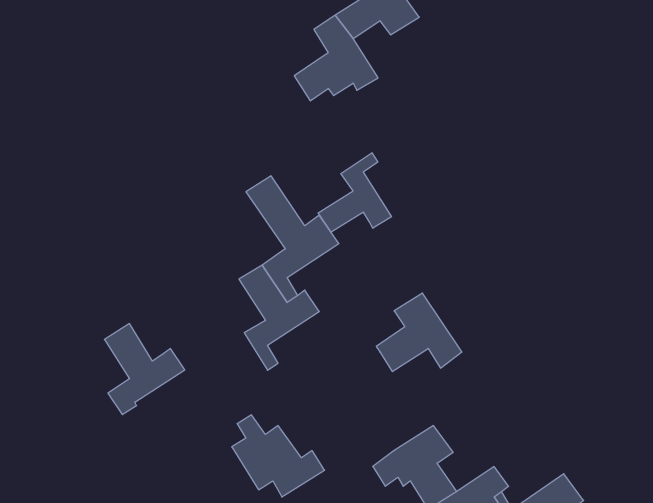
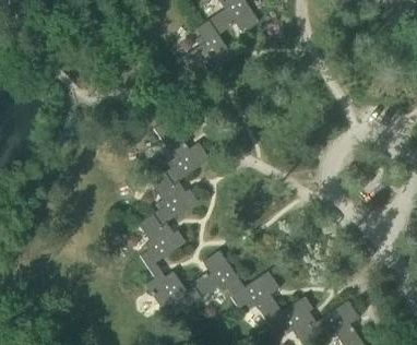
building: [318,153,391,232] -> none
building: [376,293,462,372] -> [192,250,245,298]
building: [104,324,185,415] -> [138,214,187,270]

